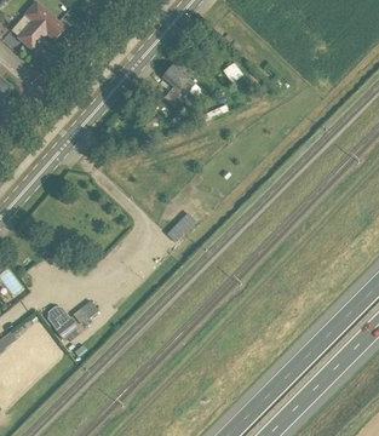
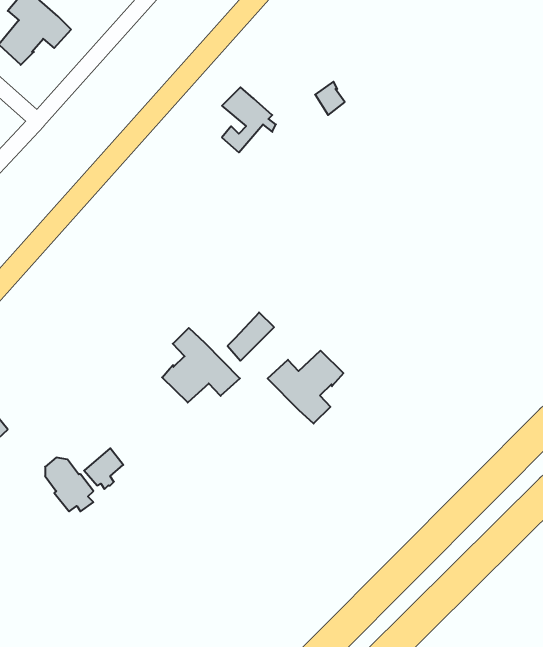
building: none -> [162,328,240,403]
building: none -> [268,351,343,424]

